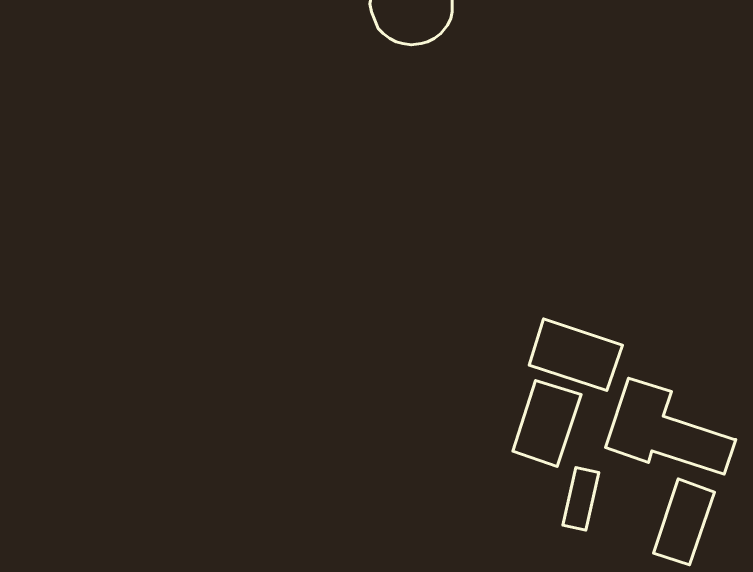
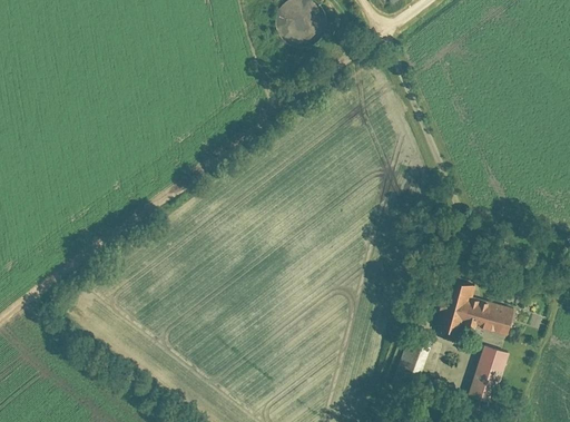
building: [529,319,622,390] -> none
building: [513,381,581,466] -> none

